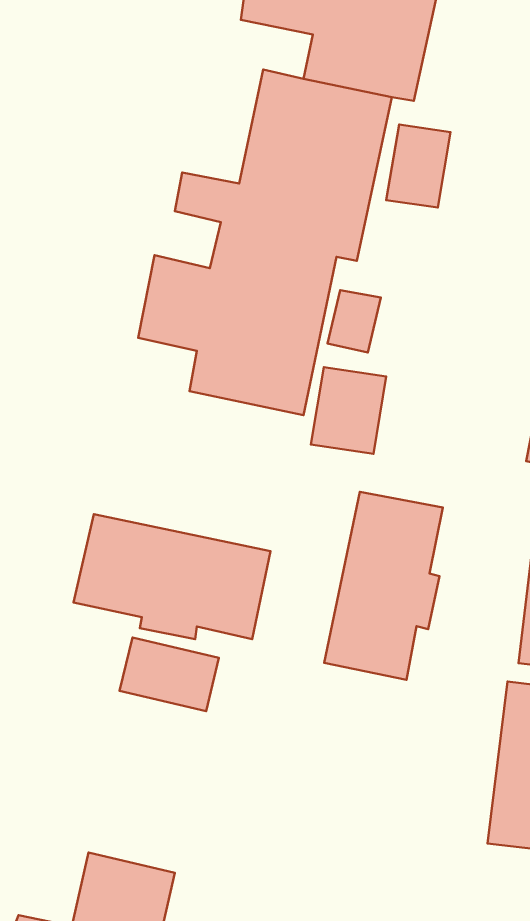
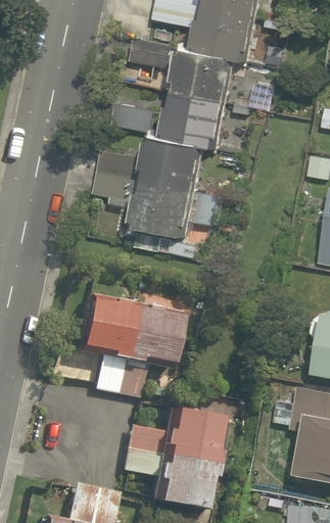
building: [324,492,443,680] -> none
building: none -> [122,403,227,509]

